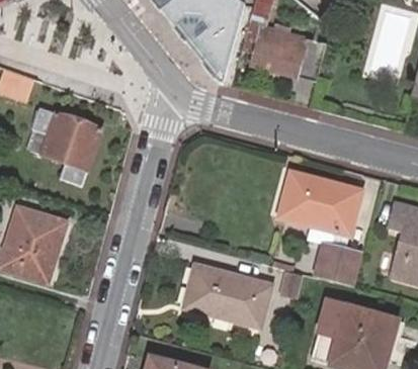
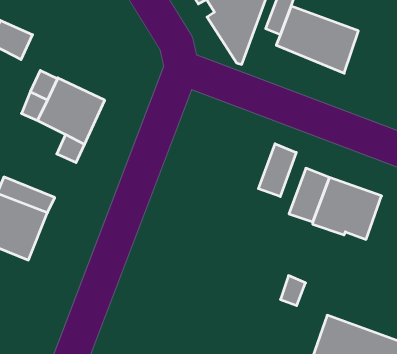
building: none -> [258,144,296,197]
building: [317,245,362,284] -> none
building: [185,266,270,325] -> none

